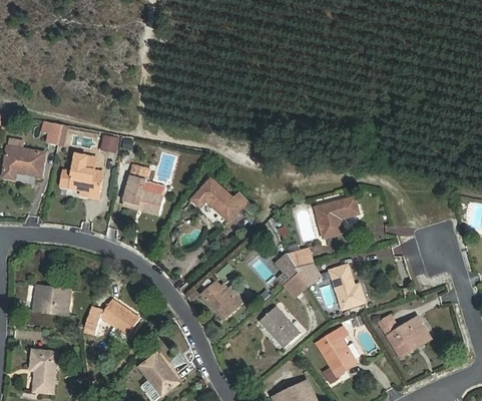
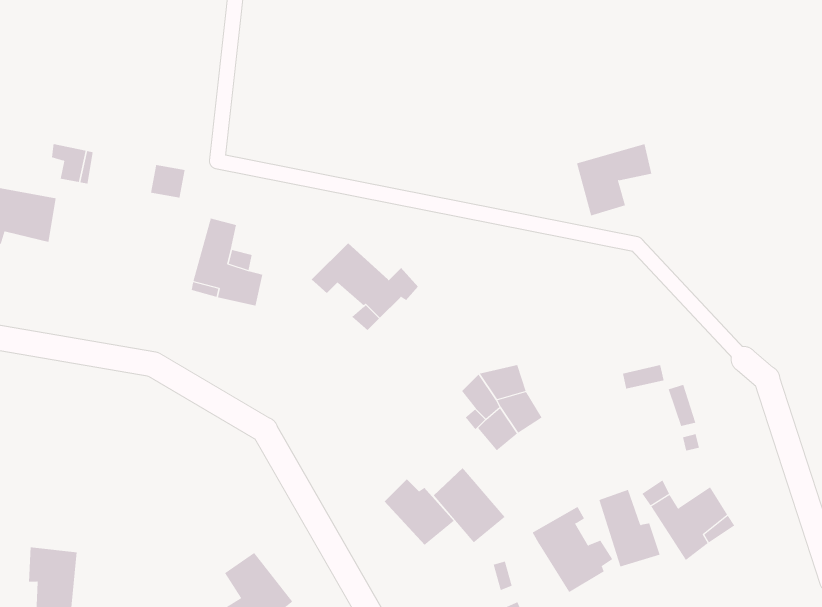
building: [60,151,101,196] -> none
building: [315,196,358,238] -> [576,144,652,216]
building: [330,264,365,308] -> [599,489,660,567]
building: [200,281,240,319] -> [384,478,455,546]
building: [31,283,71,317] -> none
building: [83,300,140,336] -> none

